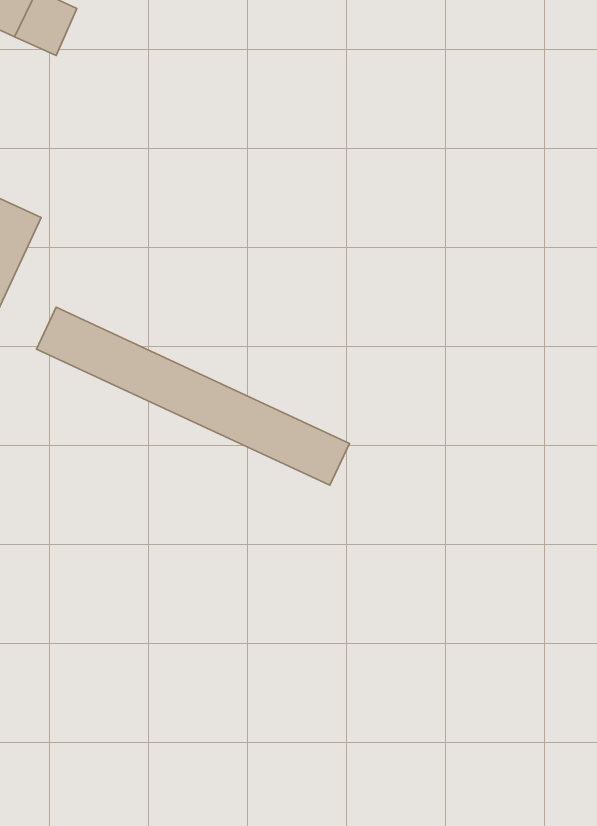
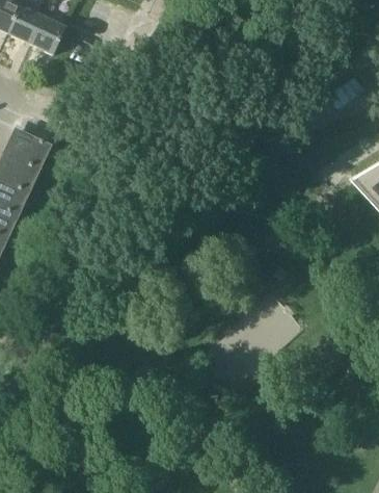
building: [37,307,349,485] -> none

